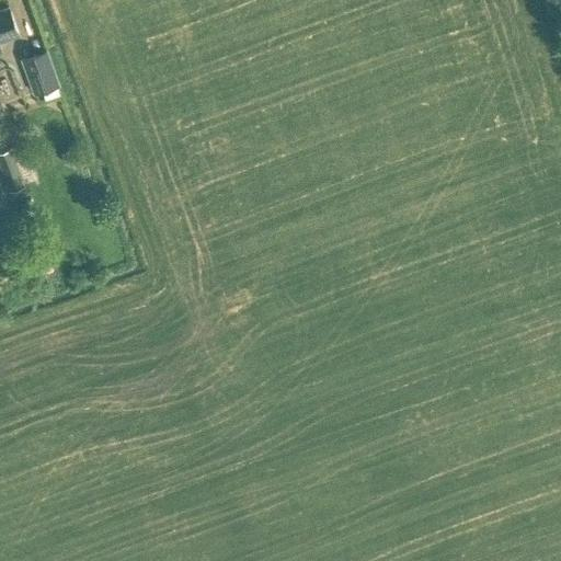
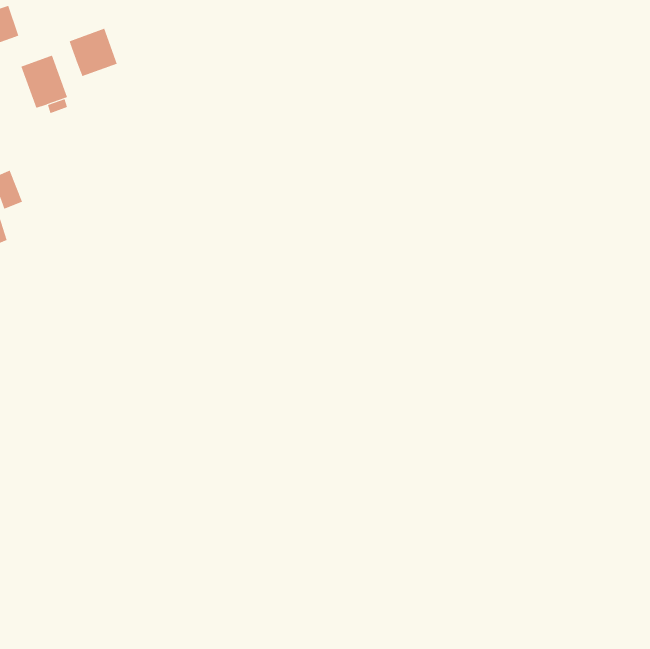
building: none -> [69,28,118,77]

